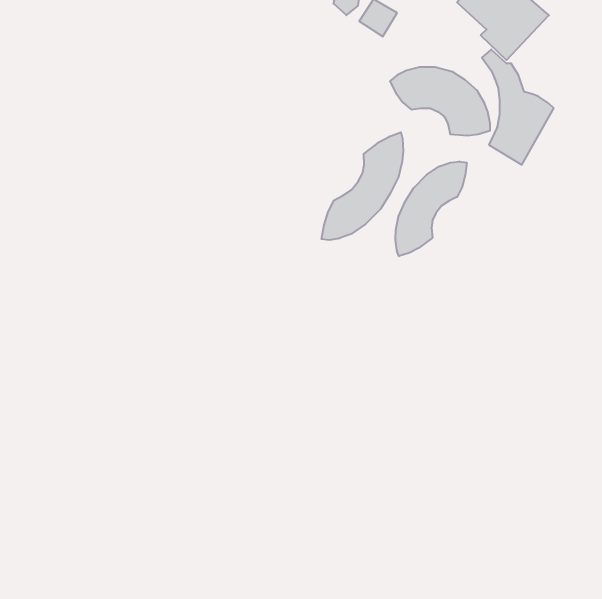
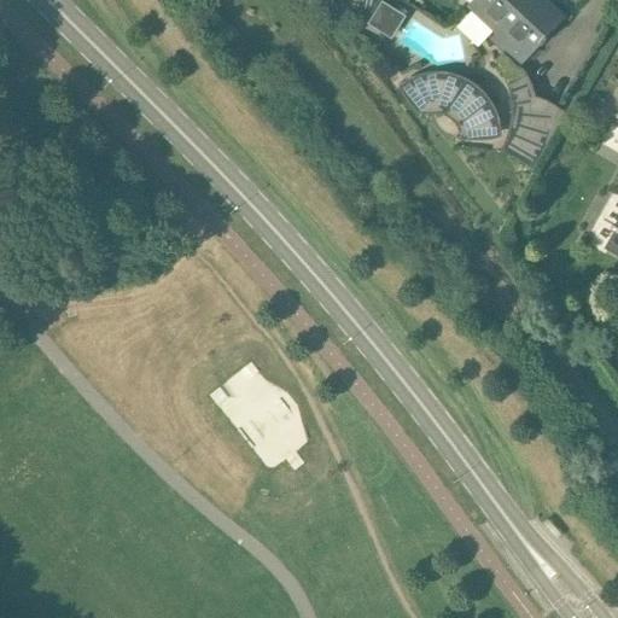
building: [321,132,403,240] -> none
building: [396,161,467,256] -> none

